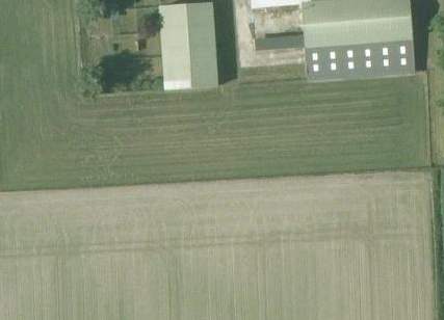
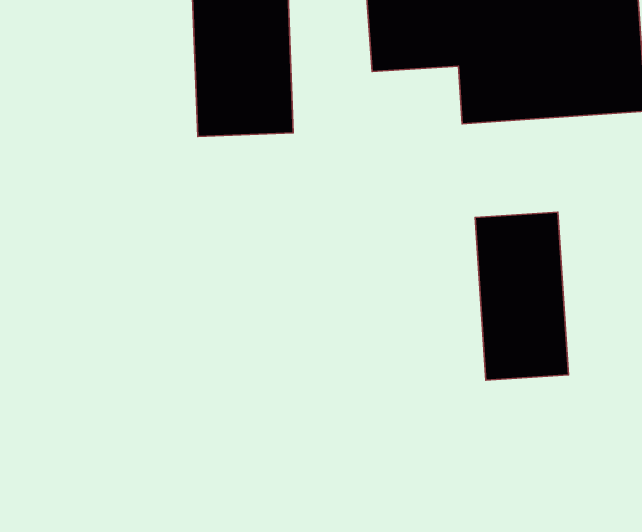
building: none -> [475,212,569,380]

